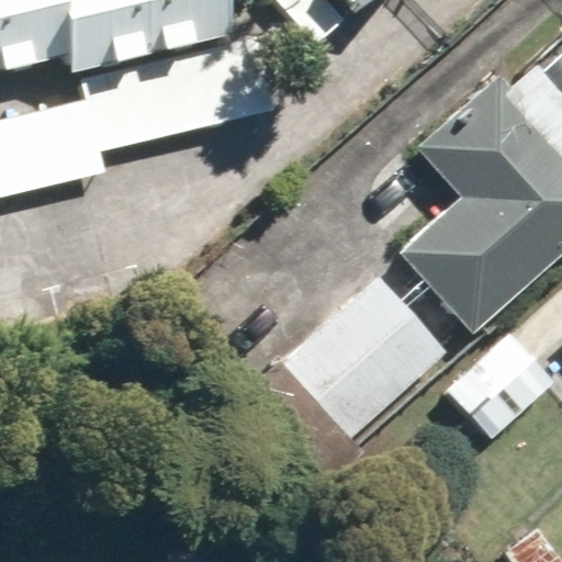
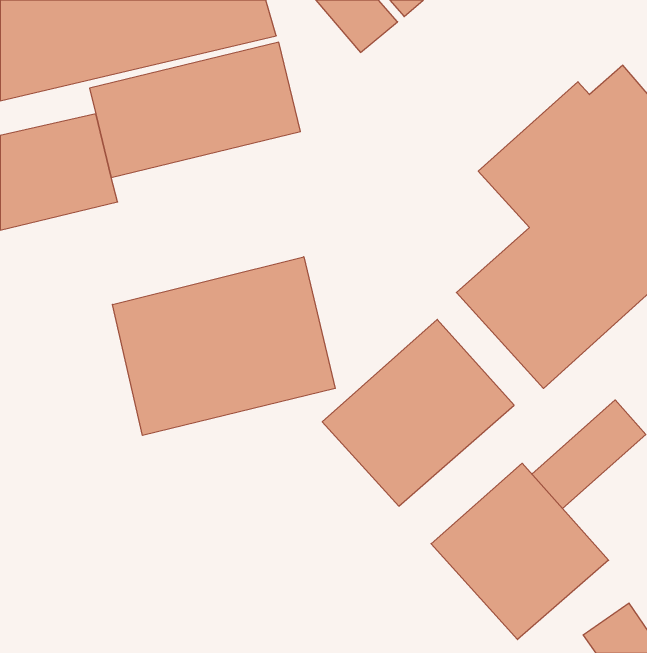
building: none -> [112,257,335,435]
building: none -> [431,463,609,640]

